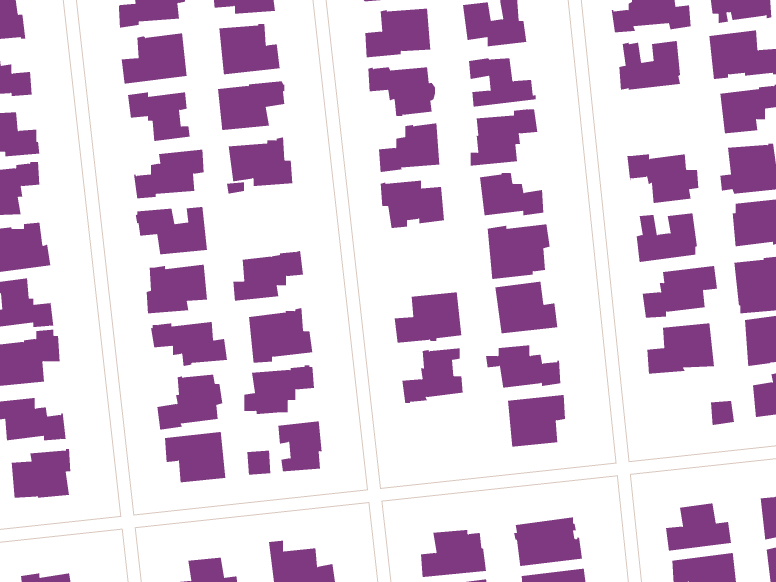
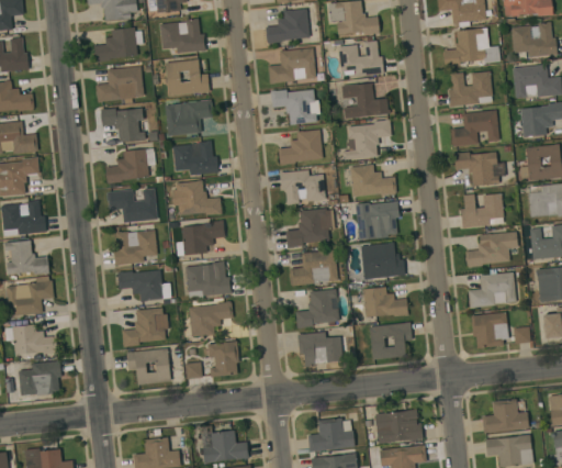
building: none -> [450,110,499,147]
building: none -> [176,180,222,215]
building: none -> [284,209,331,248]
building: none -> [470,312,508,348]
building: none -> [296,332,342,367]

